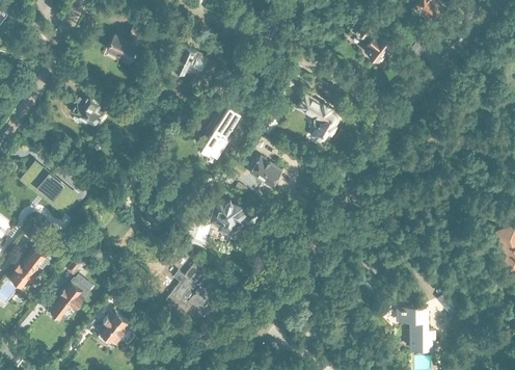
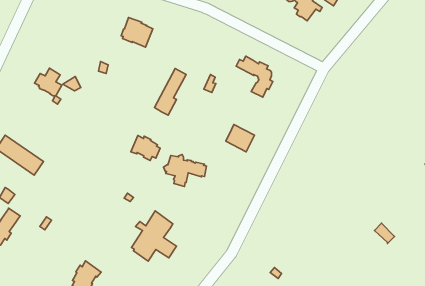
building: [107,29,147,62] -> none
building: [250,157,282,188] -> [226,124,254,152]
building: none -> [131,136,160,160]
building: [51,279,90,319] -> none
building: [398,307,436,350] -> none

